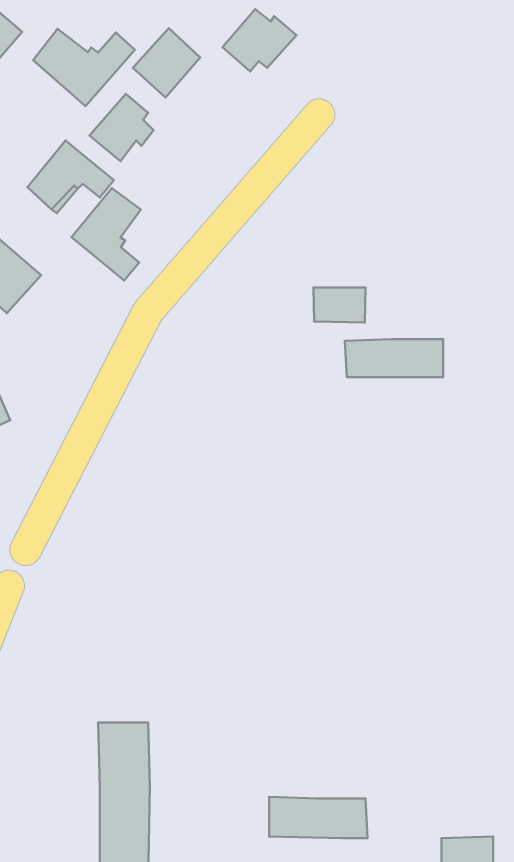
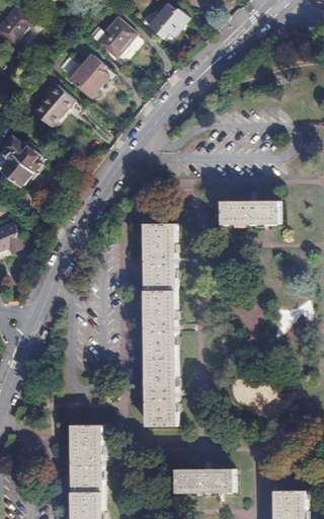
building: [33,29,135,106] -> none
building: [71,188,141,280] -> none
building: [314,287,365,322] -> none
building: none -> [146,223,173,424]

